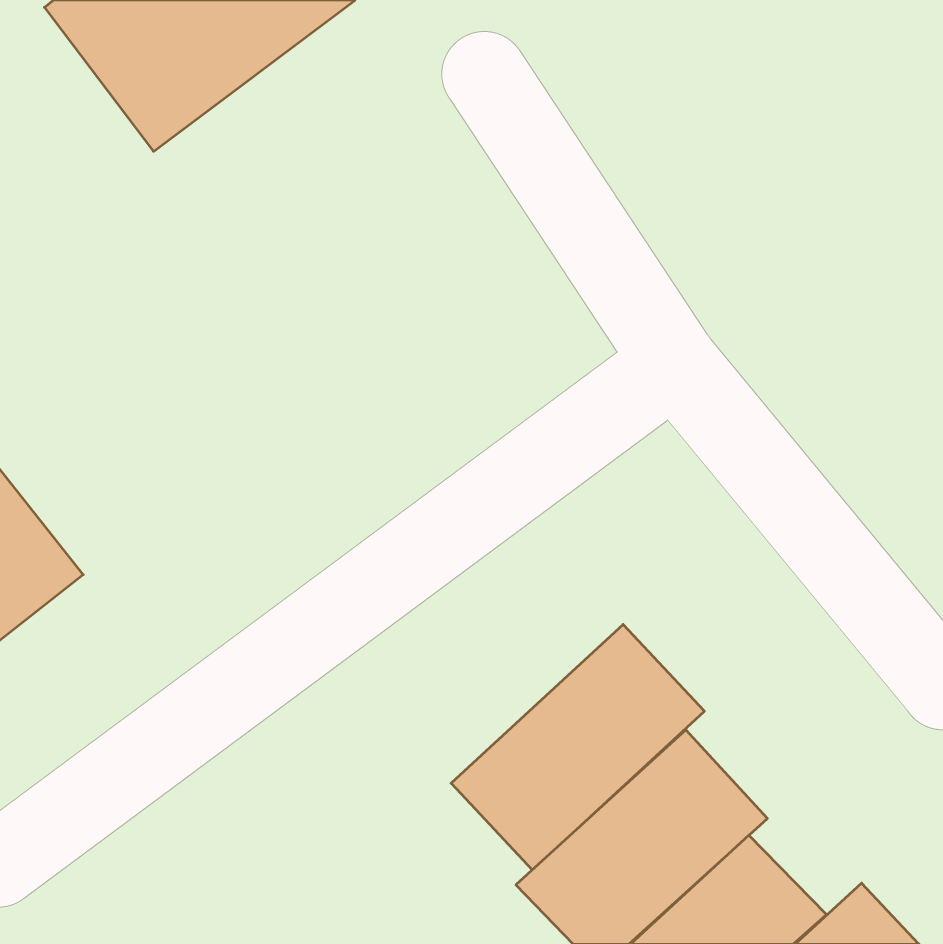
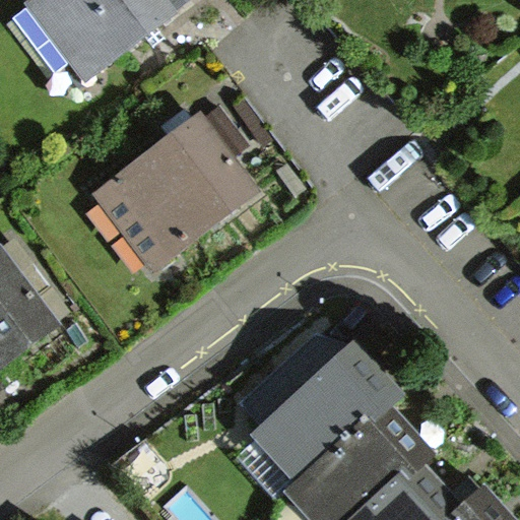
building: none -> [92,113,261,274]

